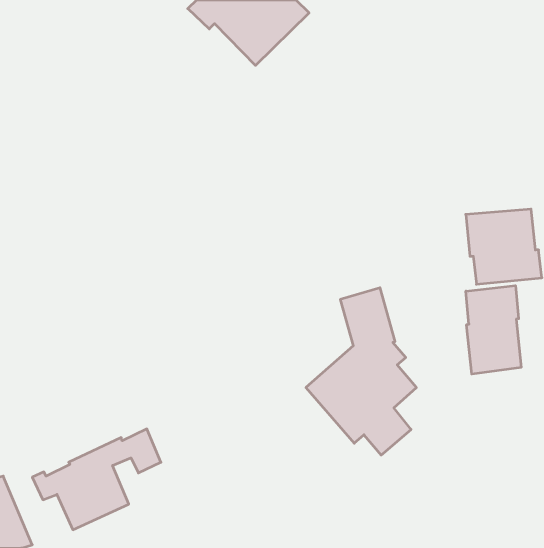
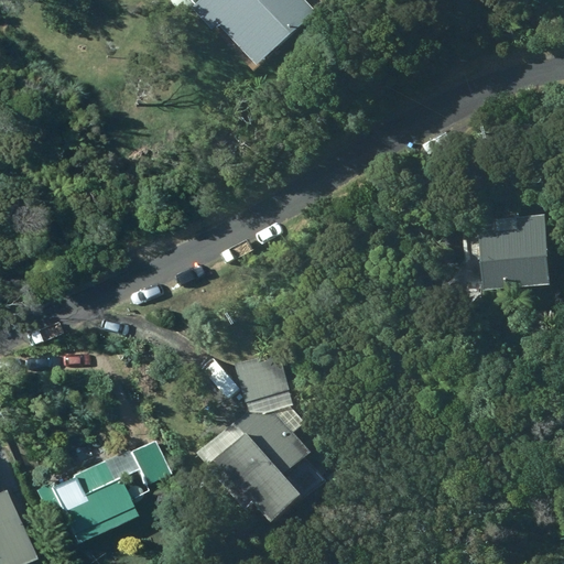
building: [466,286,521,374] -> none
building: [306,288,416,455] -> [200,351,314,523]

